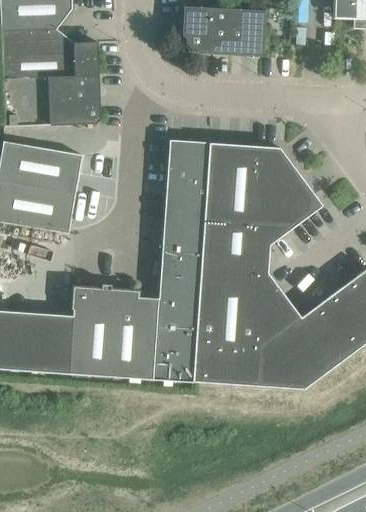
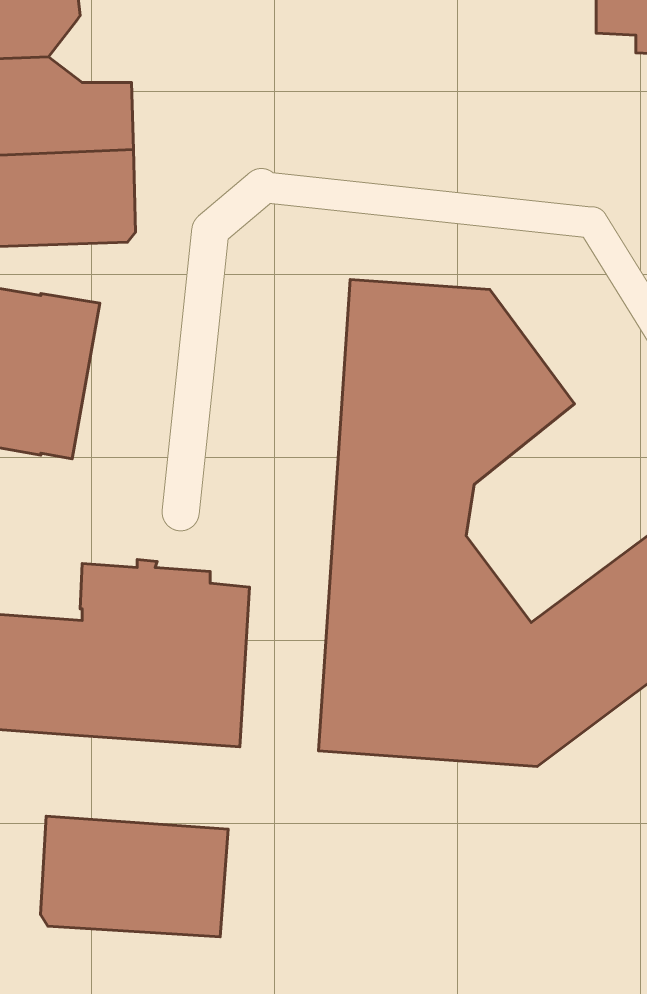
building: [183,7,265,55] -> none
building: [153,139,209,381] -> none
building: none -> [41,816,228,937]

